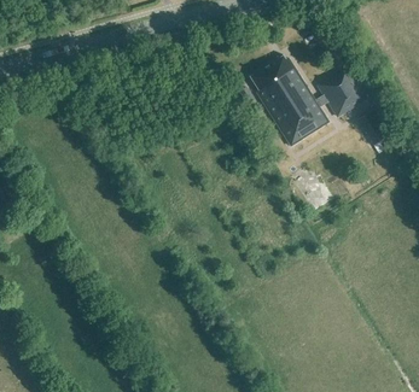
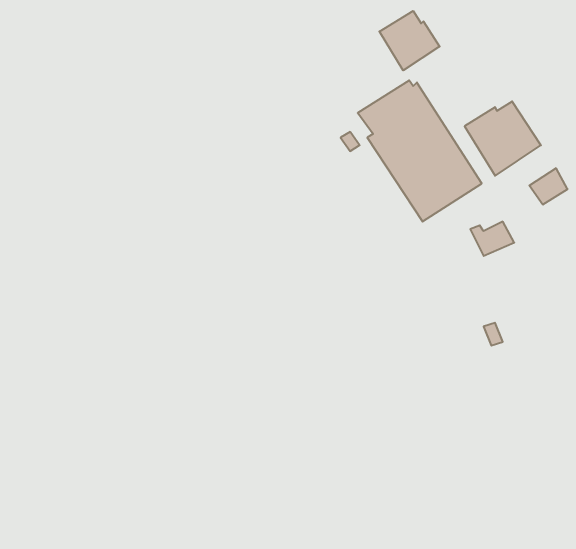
building: none -> [379,11,440,70]

